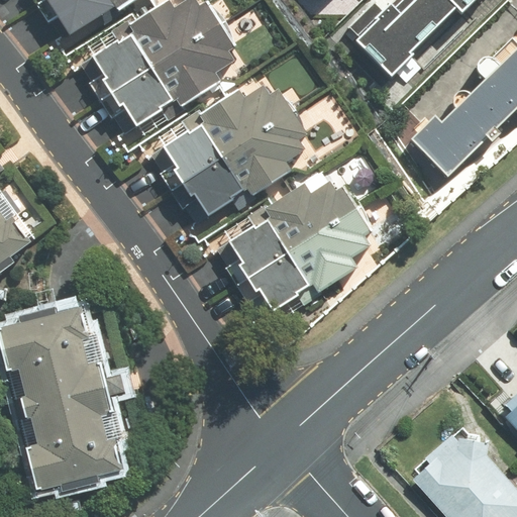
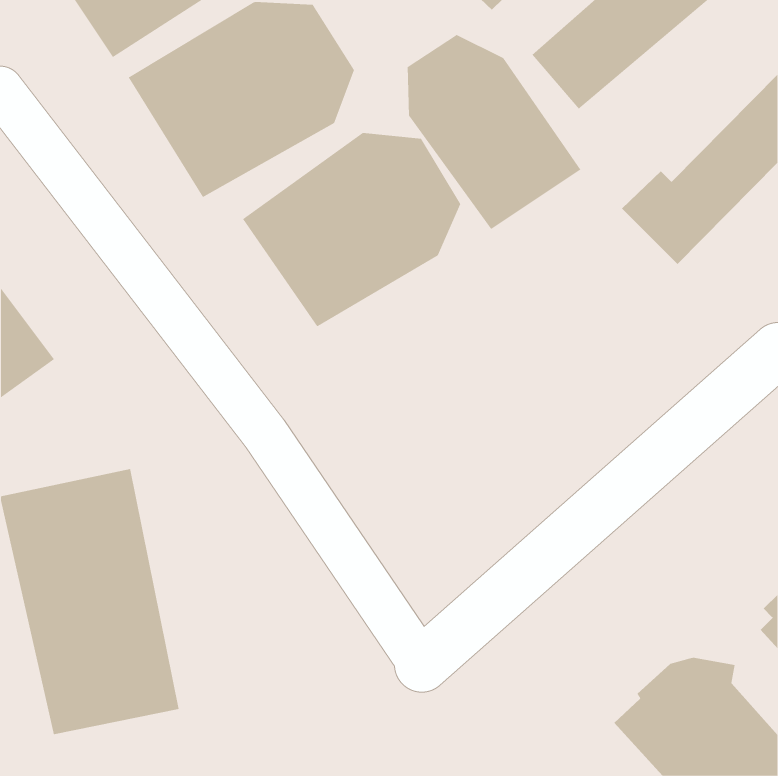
building: none -> [407,34,581,230]
building: [215,180,379,325] -> none

